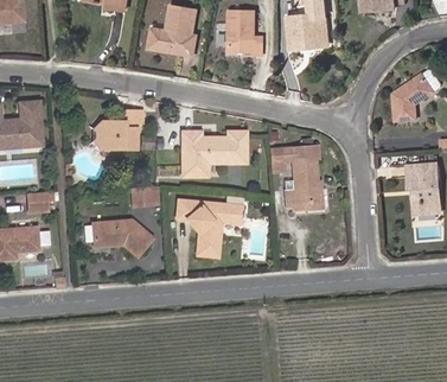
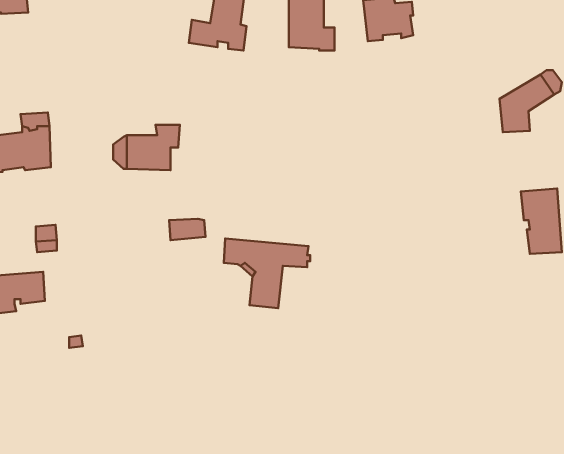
building: [184,132,249,177] -> none
building: [285,149,319,208] -> none
building: [95,221,152,253] -> none

